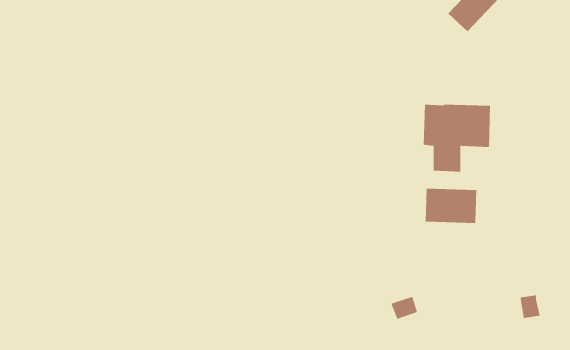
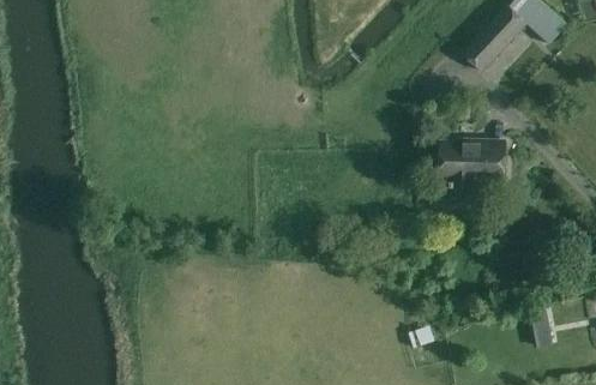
building: [425,188,477,224] -> none

